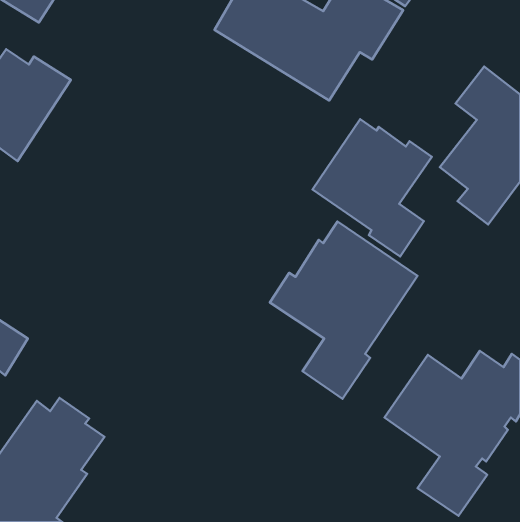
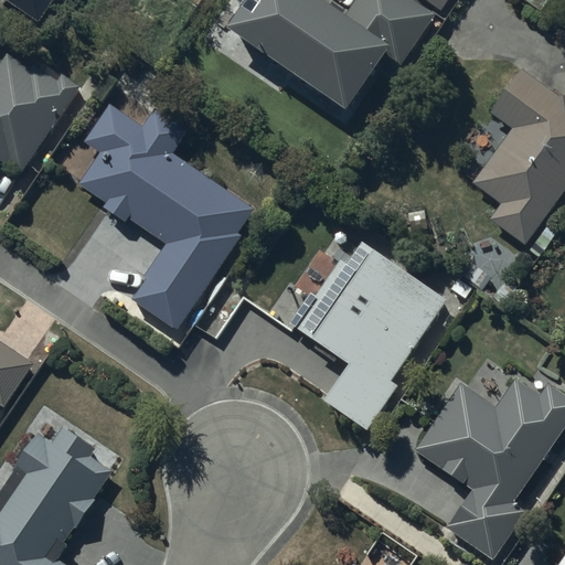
building: none -> [77,104,255,329]
building: [312,119,432,257] -> none

